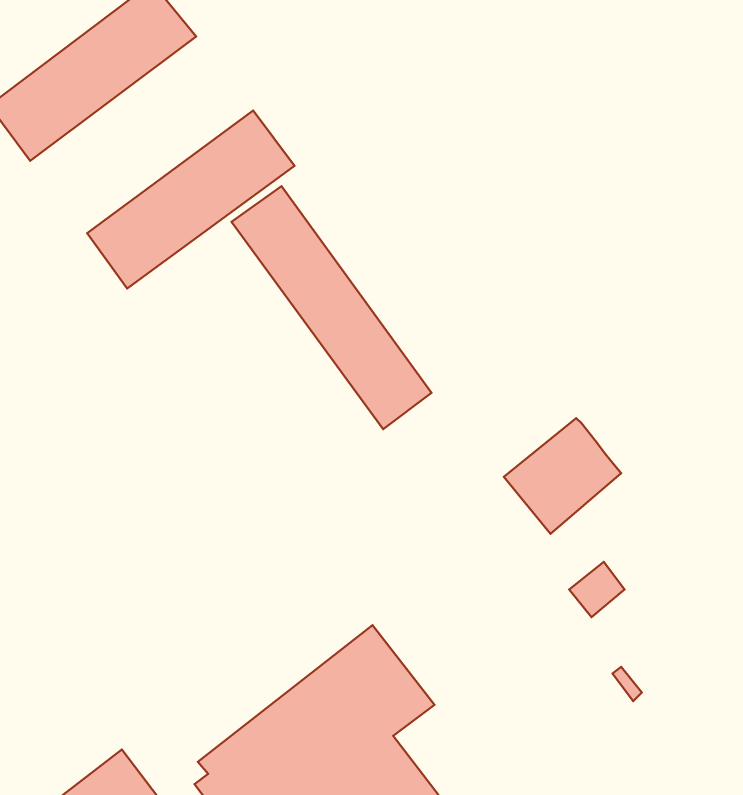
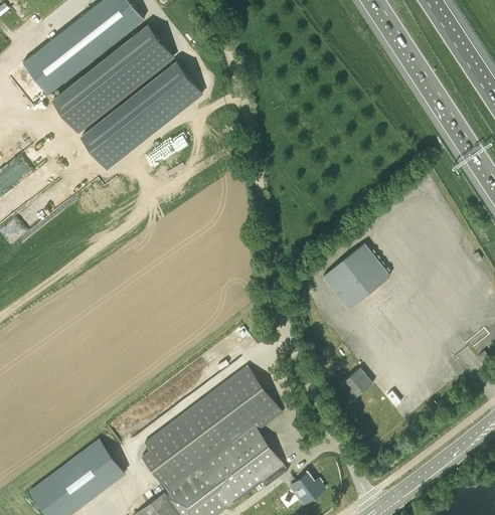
building: none -> [52,23,173,131]
building: [231,186,432,429] -> none
building: [569,562,624,617] -> [339,366,371,398]

